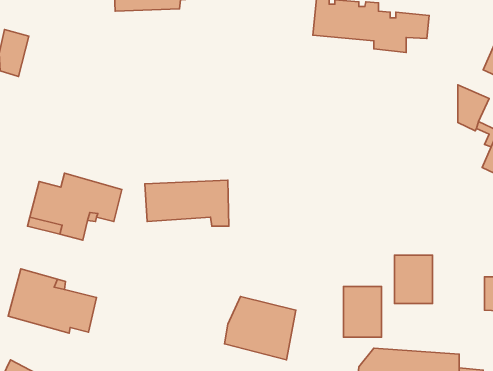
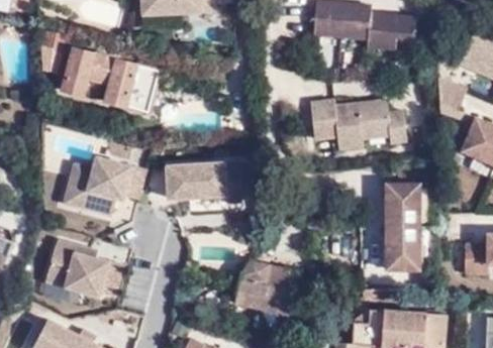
building: none -> [61,46,161,111]
building: none -> [313,100,408,149]
building: [343,287,381,337] -> [386,183,419,227]

